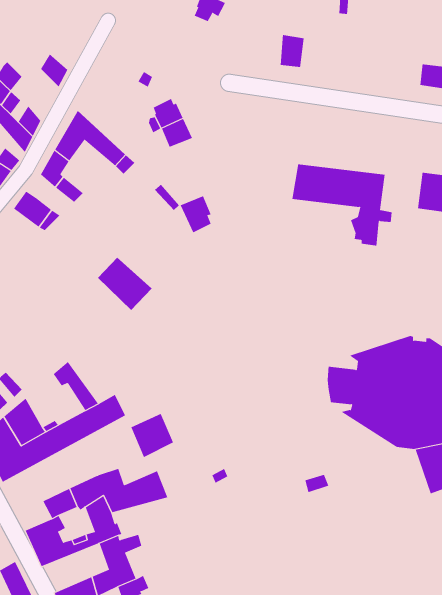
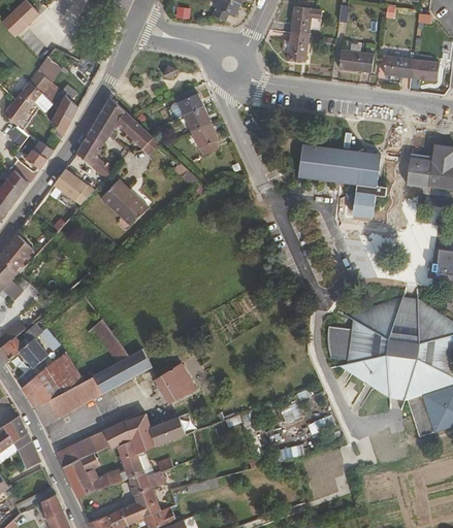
building: none -> [289,6,312,35]
building: none -> [338,48,373,71]
building: none -> [384,55,412,76]
building: [180,196,212,233] -> [190,123,218,156]
building: [97,257,152,311] -> [102,178,151,226]
building: none -> [56,441,87,467]

